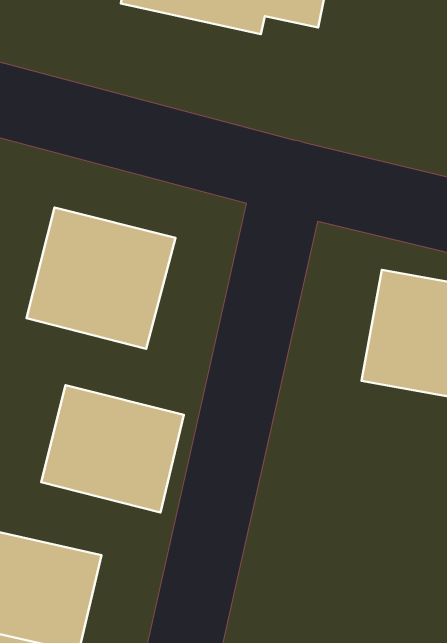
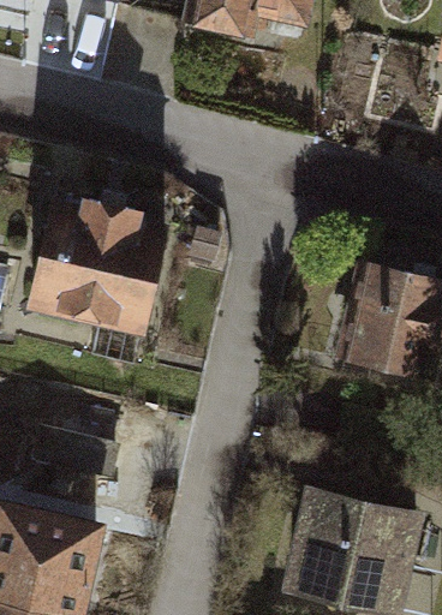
building: [41,385,184,512] -> none
building: none -> [285,471,418,598]

